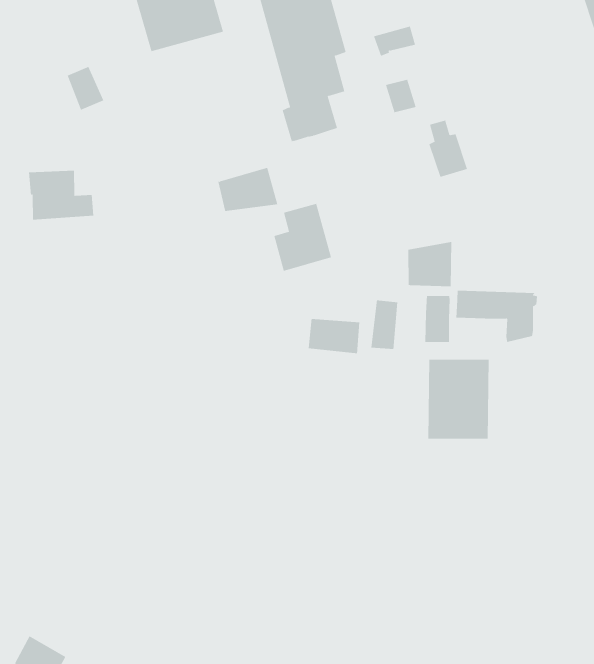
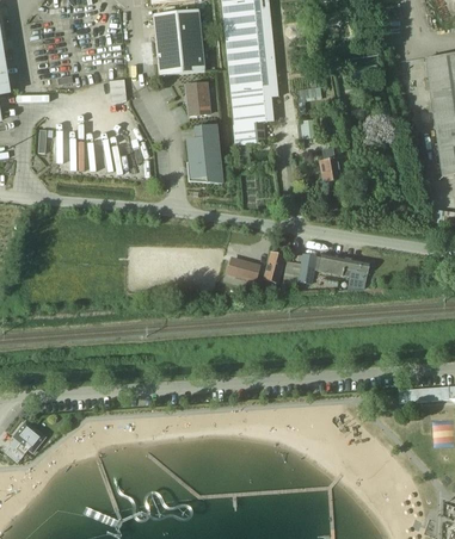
building: none -> [185,82,209,116]
building: [273,203,332,271] -> [185,124,219,162]
building: [408,241,452,287] -> none
building: [428,359,489,440] -> none

